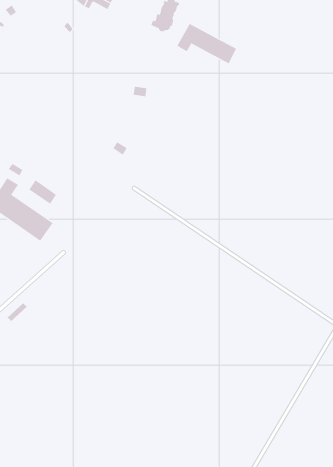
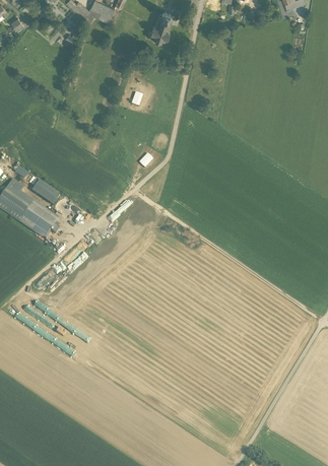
building: [177,23,237,64] -> none

